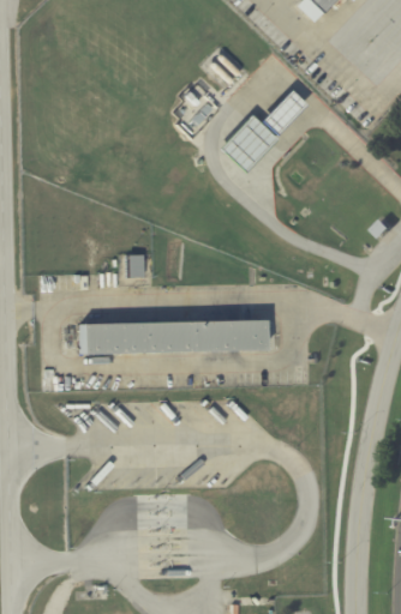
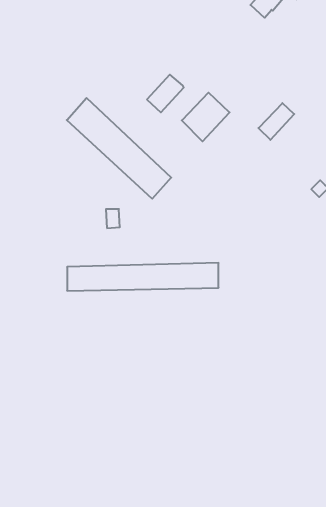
building: [263,90,306,134] -> [258,103,294,140]
building: none -> [67,98,171,199]

